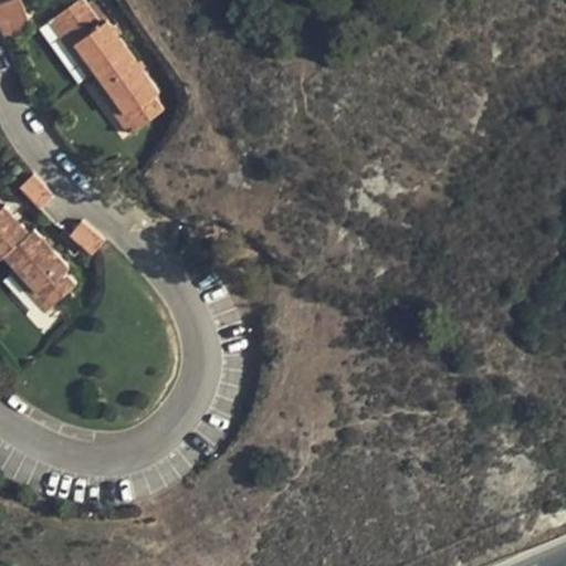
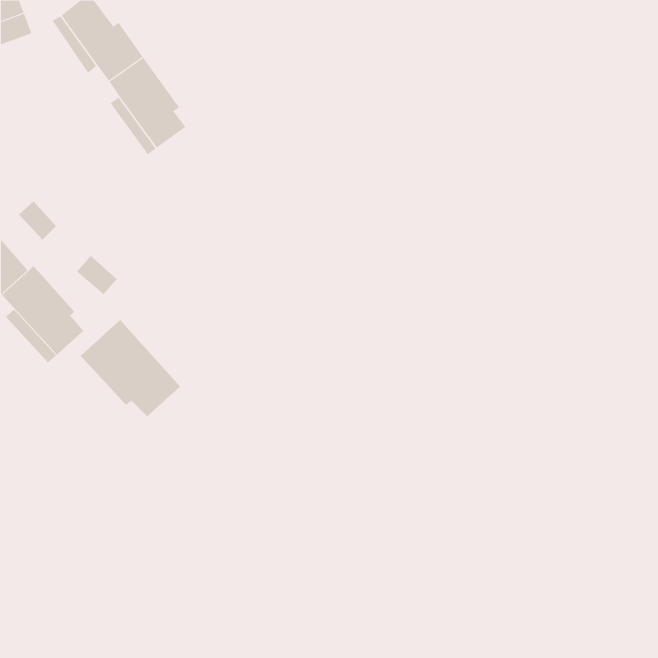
building: none -> [80,319,181,417]

